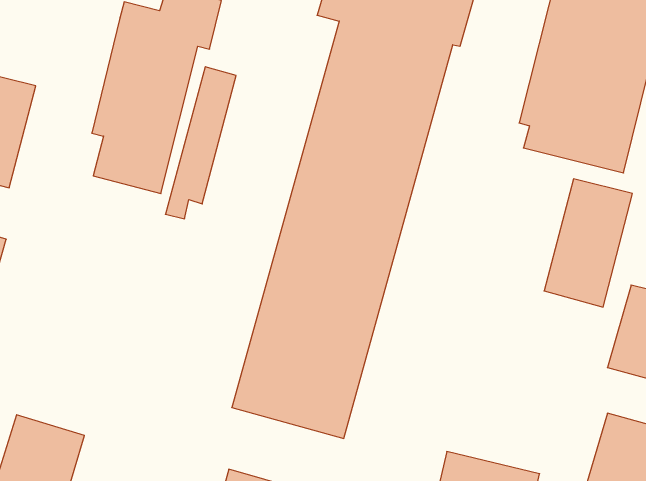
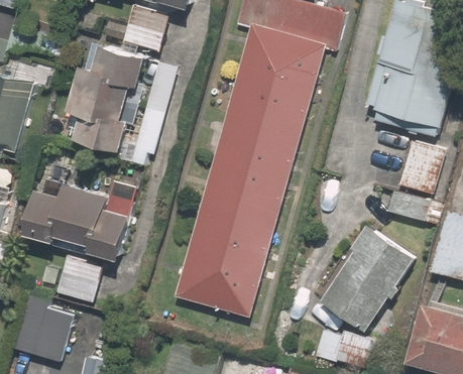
building: none -> [20,163,140,305]
building: none -> [317,222,418,332]

